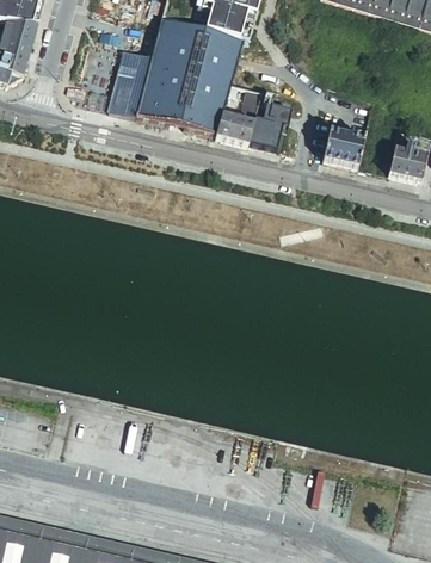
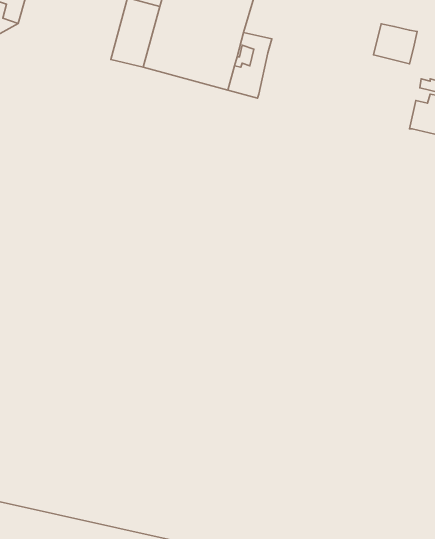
building: [246,103,281,148] -> none
building: [321,130,362,167] -> [374,24,417,64]

